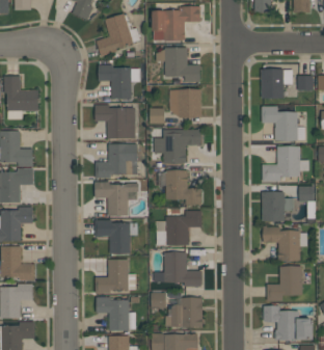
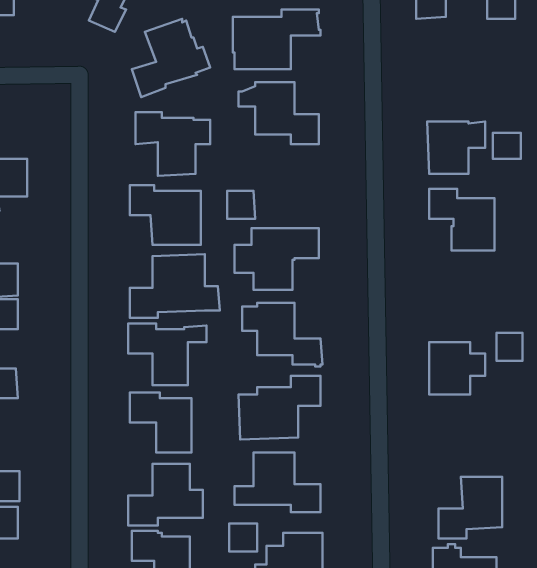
building: [169,89,200,117] -> none
building: [262,146,309,183] -> none
building: [263,225,307,261] -> none

